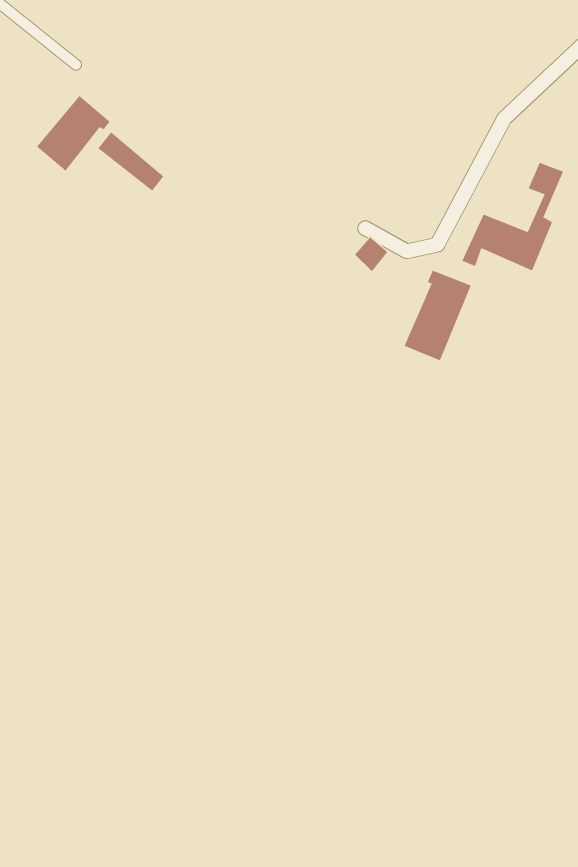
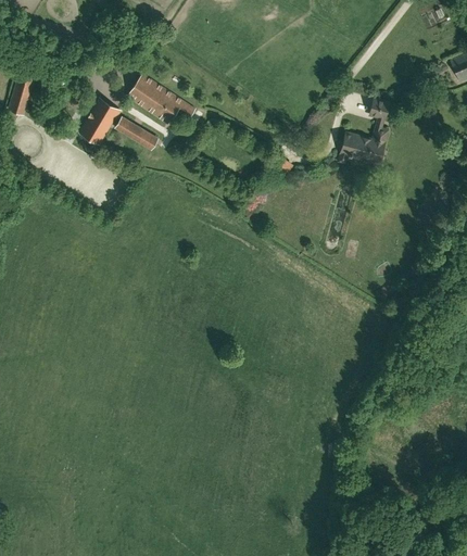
building: none -> [127,75,194,124]
building: [404,270,472,361] -> none

